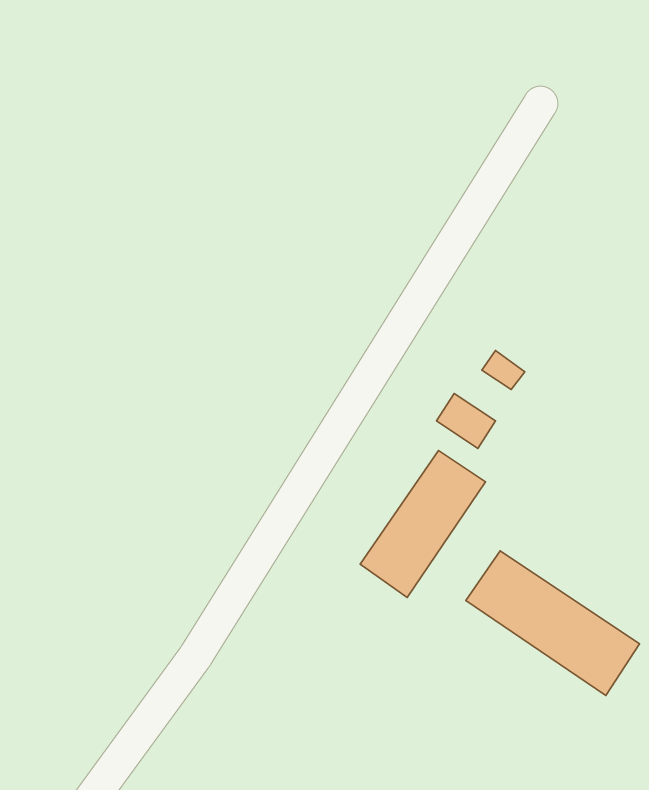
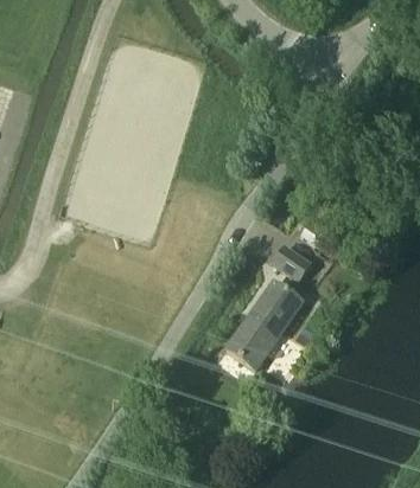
building: [466,551,639,696] -> none

